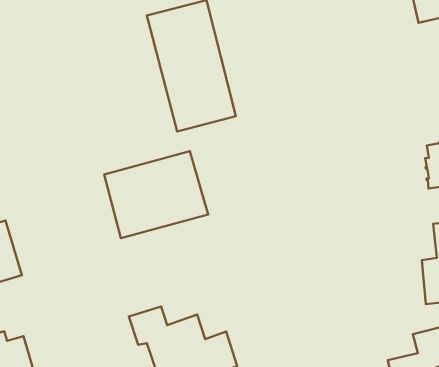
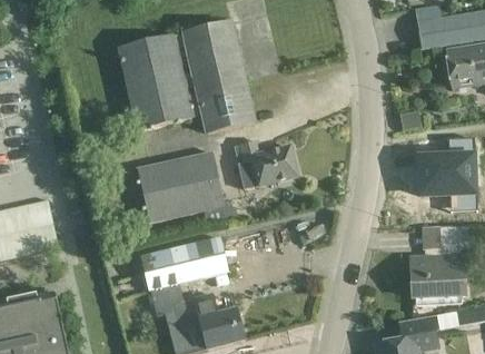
building: none -> [119,31,196,128]
building: none -> [238,139,296,189]
building: none -> [141,237,228,291]

